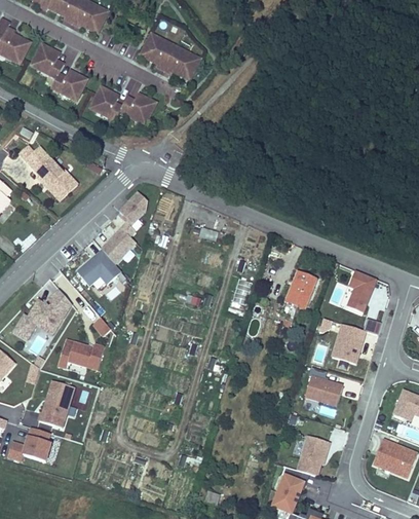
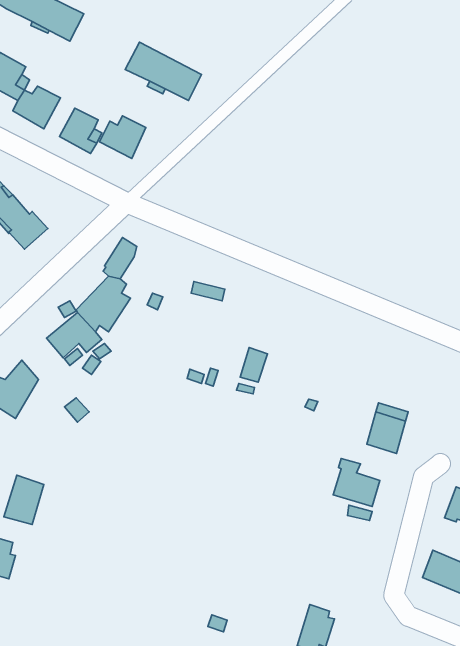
building: [347,268,376,310] -> none
building: [282,271,317,319] -> none
building: [58,339,104,368] -> none
building: [298,434,330,475] -> none

